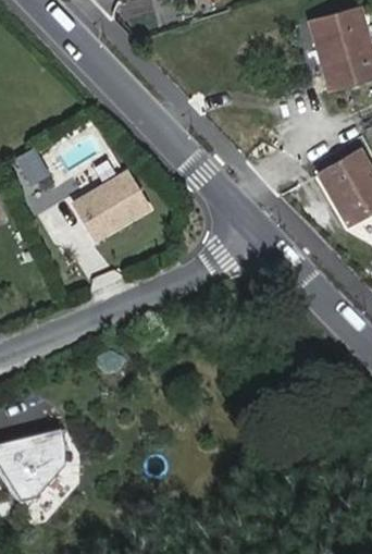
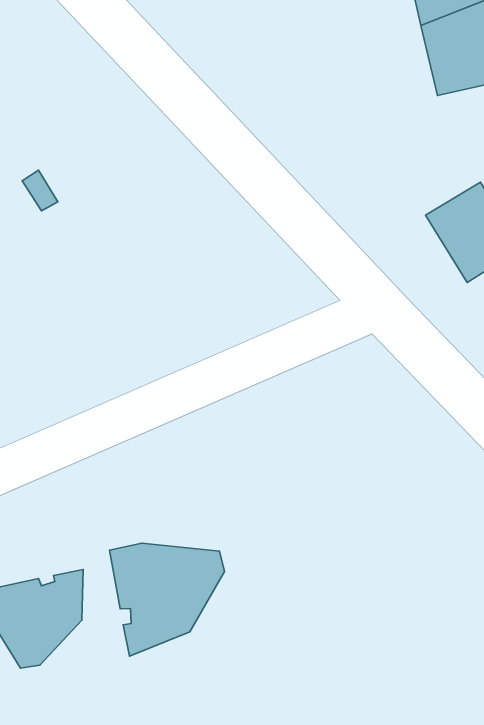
building: [76,170,148,236] -> none
building: none -> [109,543,225,656]

